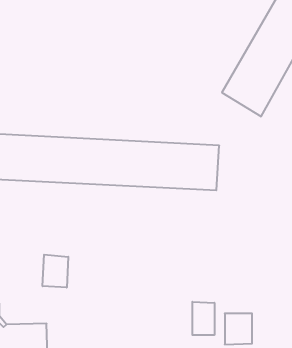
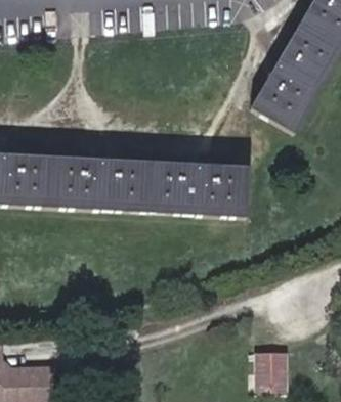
building: [43,255,68,288] -> none
building: [192,302,214,335] -> none

